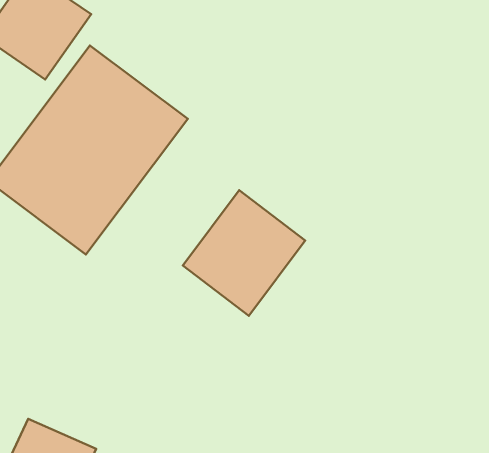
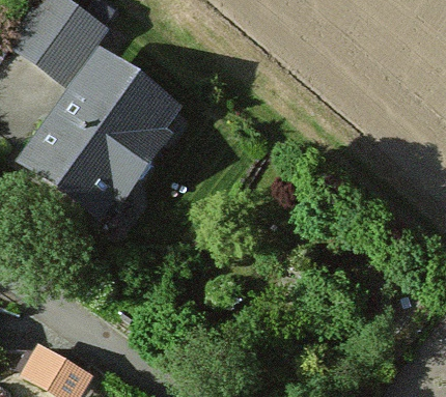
building: [183,190,305,316] -> none

